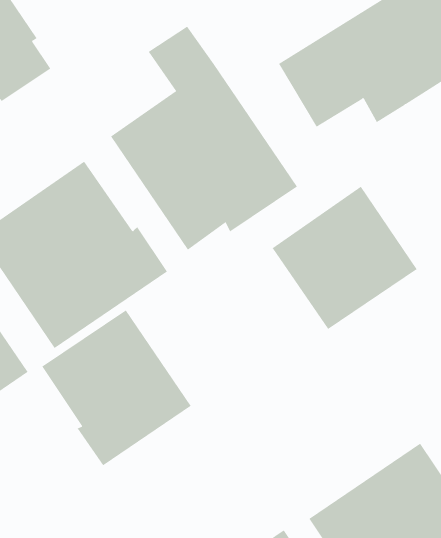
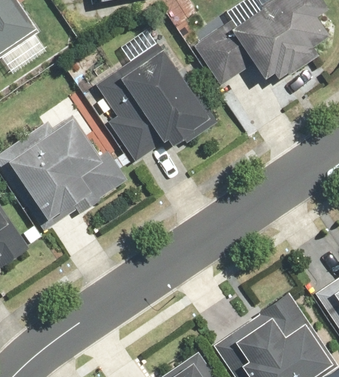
building: [272,186,418,330] -> none
building: [41,310,191,466] -> none

